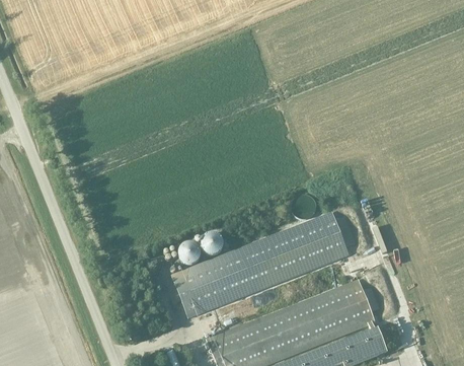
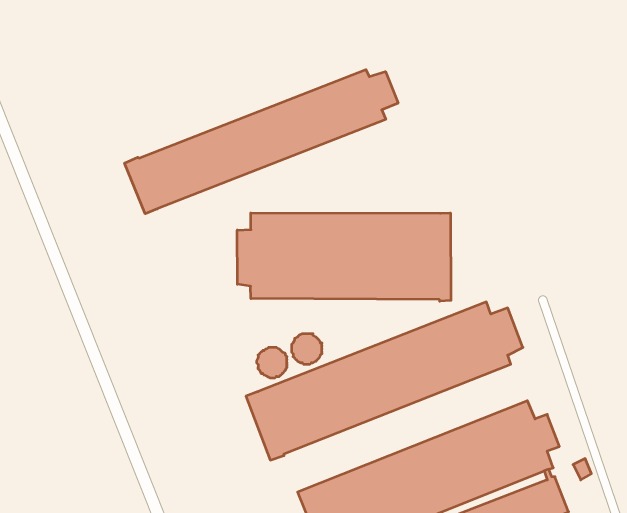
building: none -> [125,70,398,214]
building: none -> [237,213,451,301]

